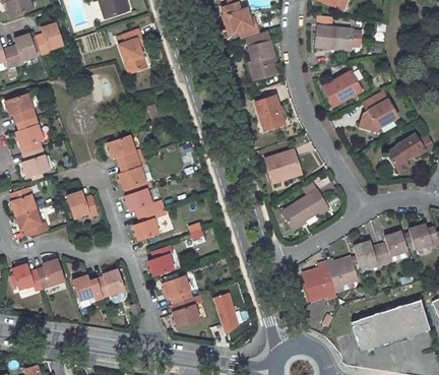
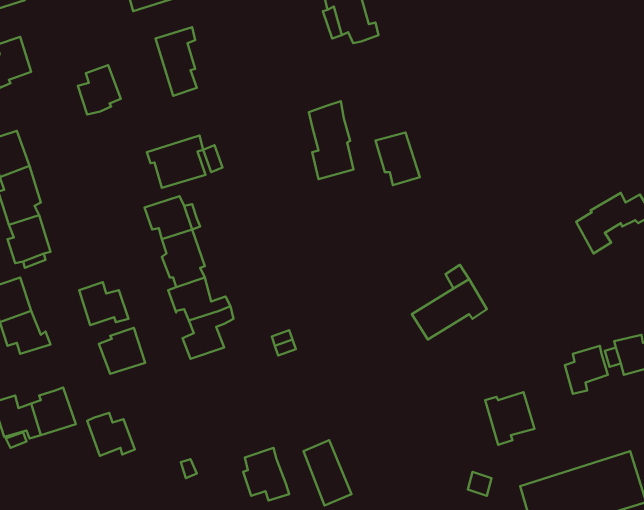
building: [314,16,360,49] -> none
building: [36,23,63,55] -> [78,65,121,115]
building: [247,30,275,80] -> [309,101,353,179]
building: [322,73,360,106] -> none
building: [358,91,395,131] -> none
building: none -> [147,136,205,188]
building: [264,148,302,182] -> none
building: [352,241,382,266] -> none
building: [150,245,177,275] -> none
building: [303,266,335,304] -> none
building: [96,268,125,298] -> [99,328,145,374]
building: [161,274,191,303] -> none

